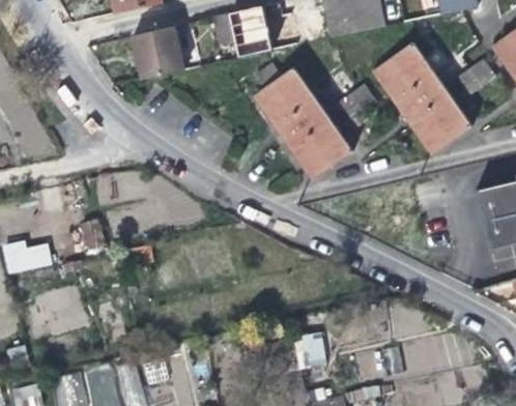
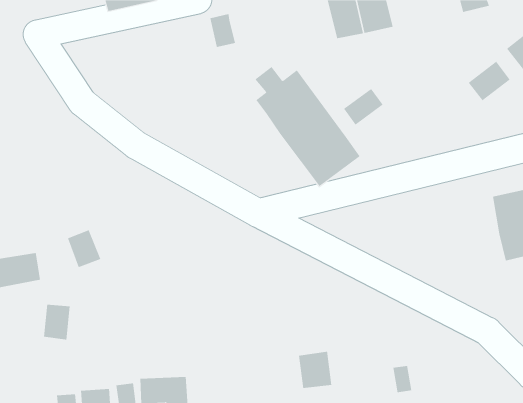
building: [230,13,265,57] -> none
building: [131,26,181,79] -> none
building: [373,40,474,153] -> none

